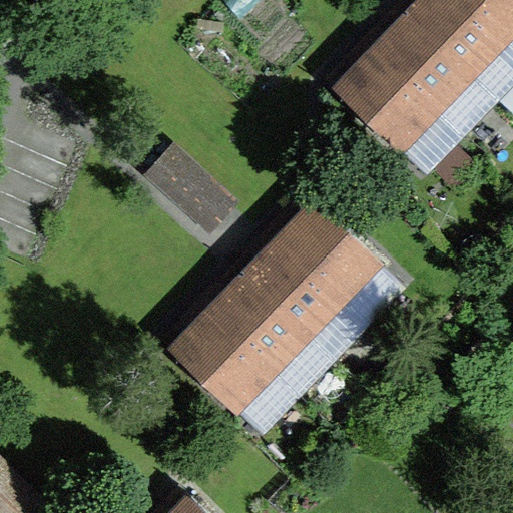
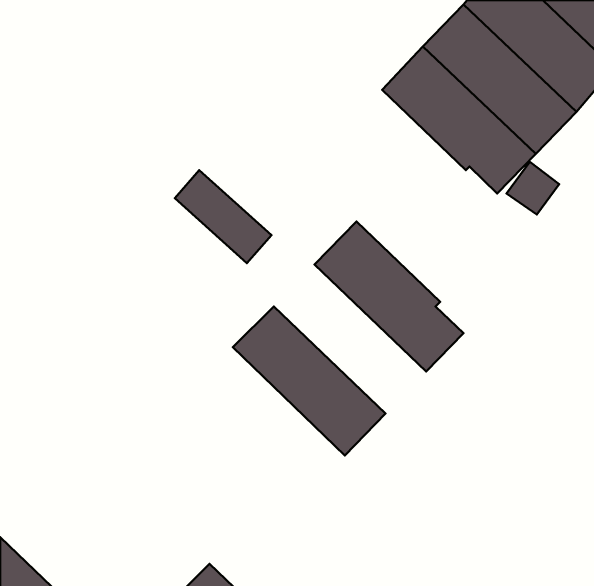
building: [236,235,368,364] -> none
building: [165,307,298,434] -> none

